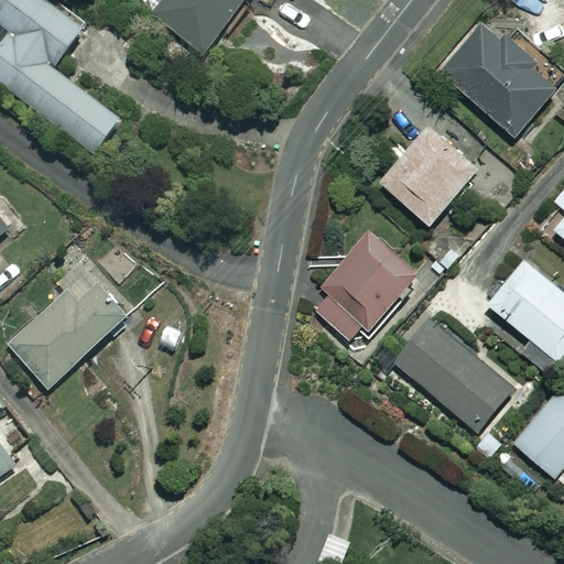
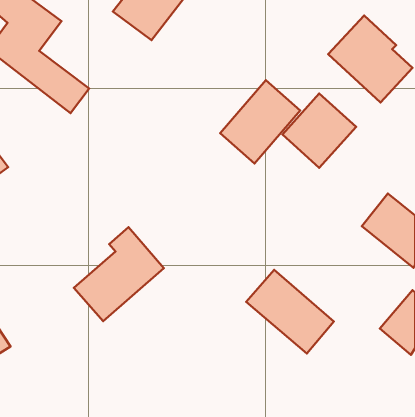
building: [308,234,416,346] -> [220,80,300,164]
building: [8,259,129,386] -> [74,227,164,321]
building: [393,318,511,431] -> [246,270,334,354]

